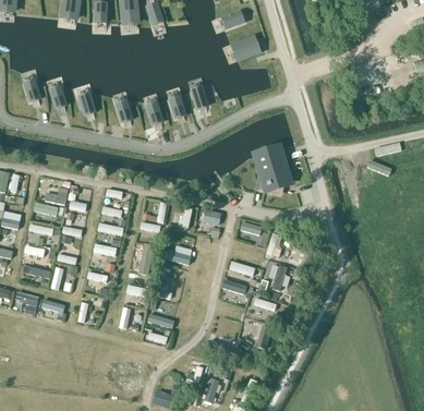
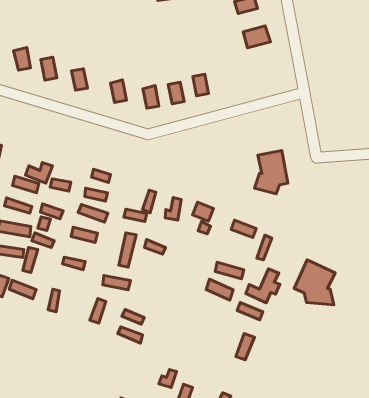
building: none -> [294,260,335,305]

